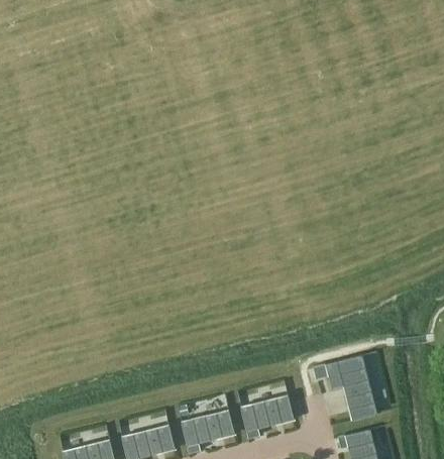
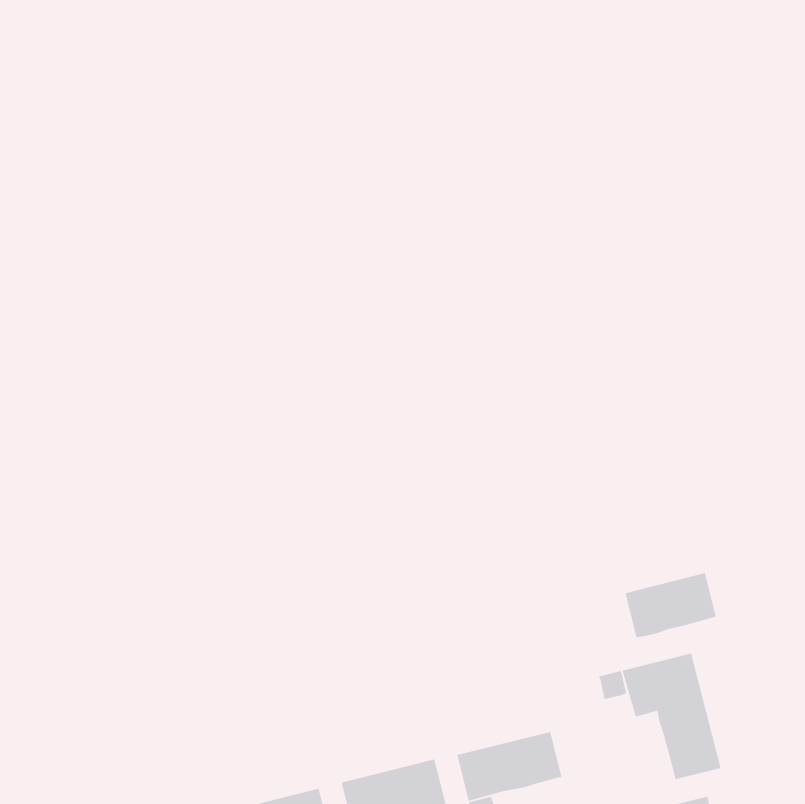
building: none -> [624,572,717,638]

